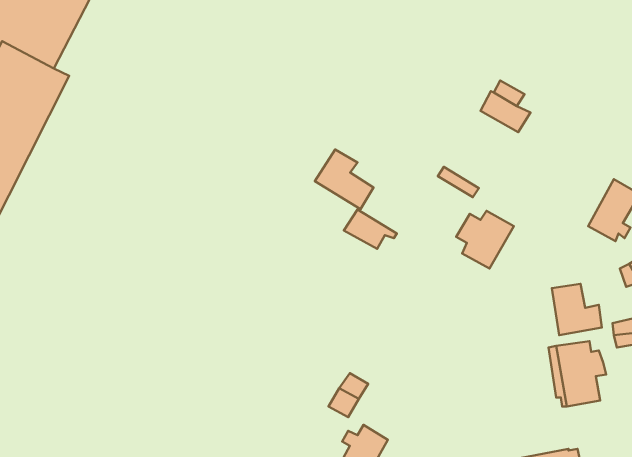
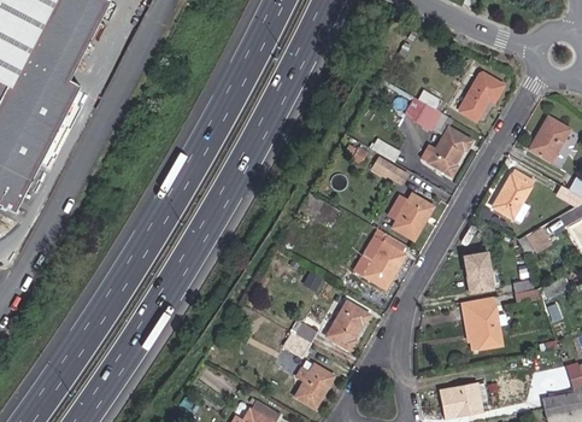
building: none -> [460,72,504,119]
building: none -> [422,127,471,175]
building: [315,150,374,209] -> none
building: none -> [364,236,405,287]
building: none -> [327,300,370,348]

